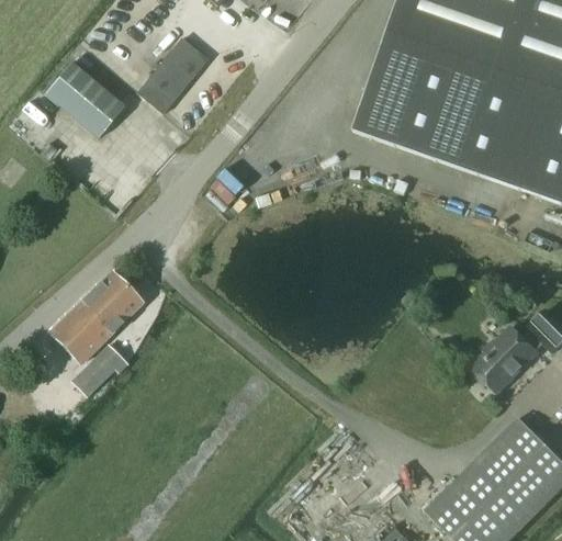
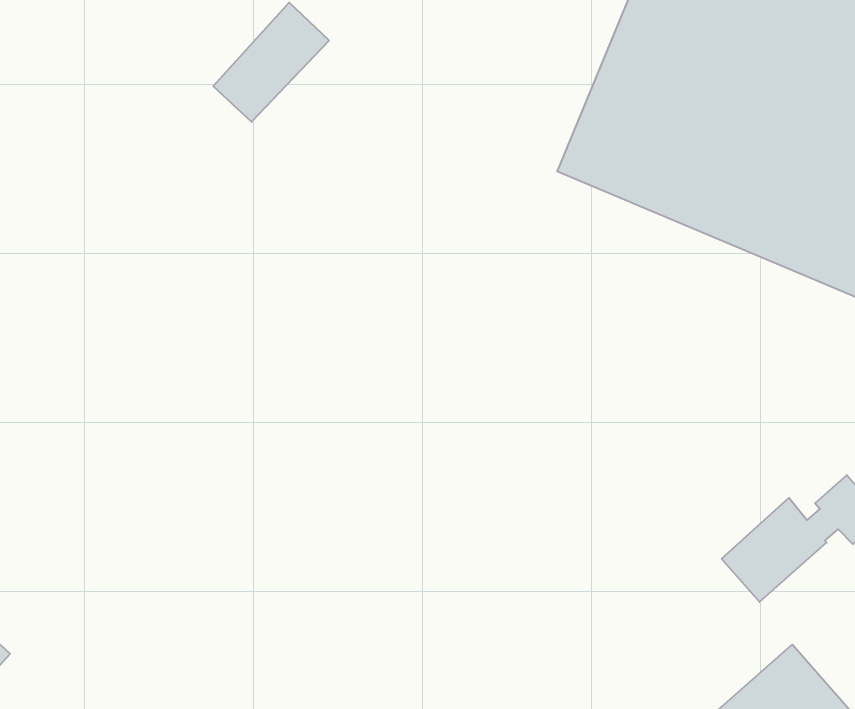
building: [44,61,125,138] -> none
building: [49,270,143,363] -> none
building: [71,343,128,395] -> none

